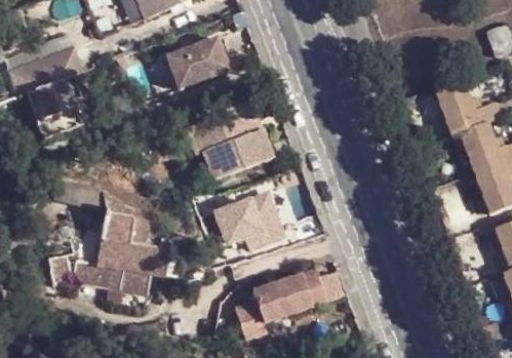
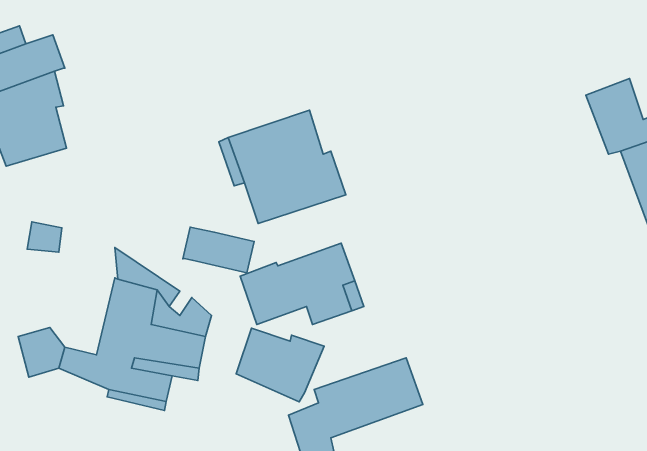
building: [165,38,227,88] -> none
building: none -> [183,227,254,273]
building: none -> [236,328,324,402]

